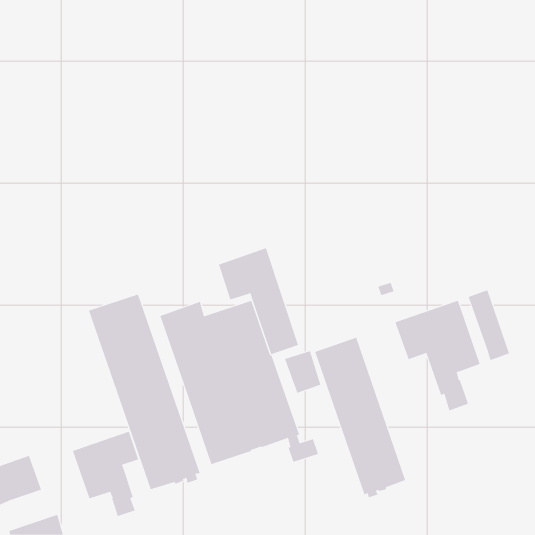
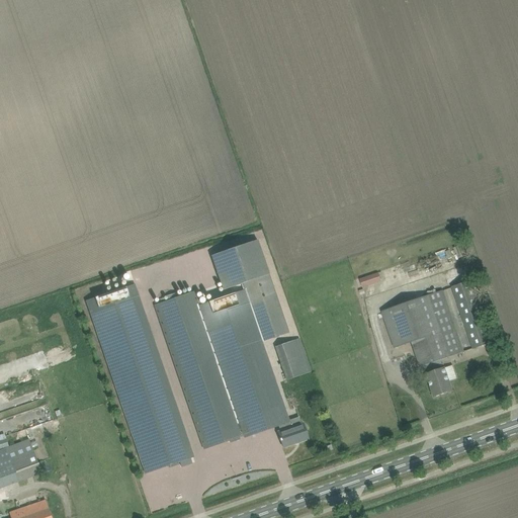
building: [315,337,406,498] -> none
building: [72,431,139,517] -> none

